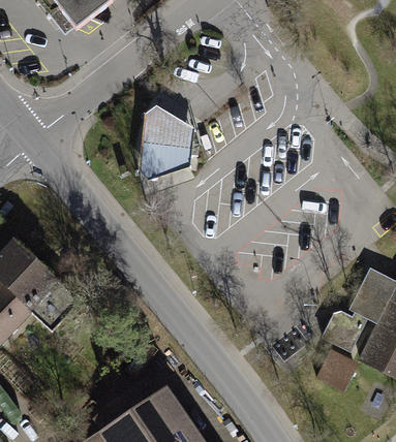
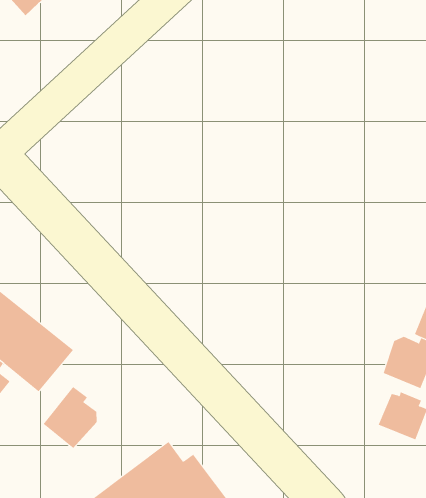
building: [141,108,194,182] -> none
building: none -> [43,386,97,449]

